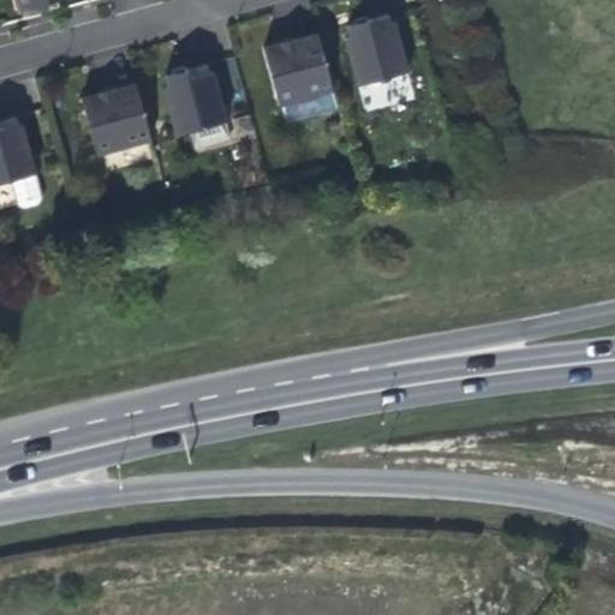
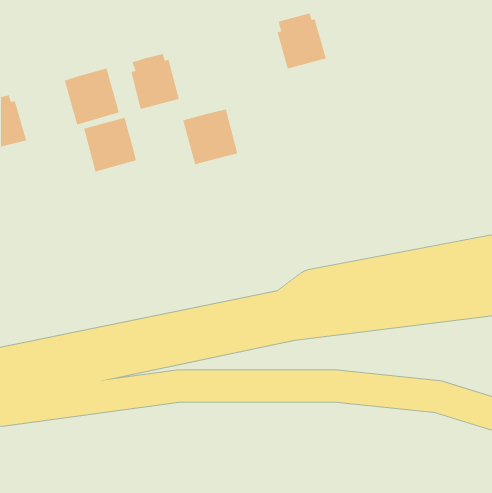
building: [263,35,333,106] -> [182,108,238,165]
building: none -> [83,117,137,172]

